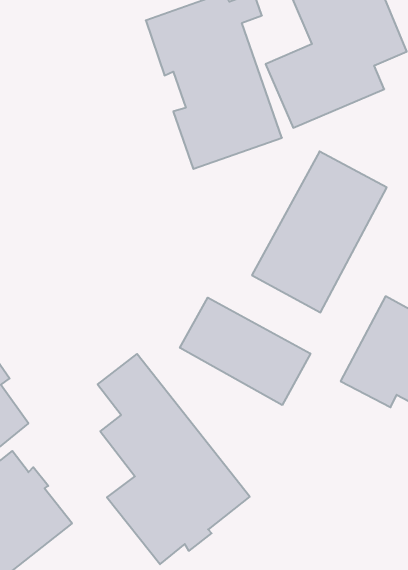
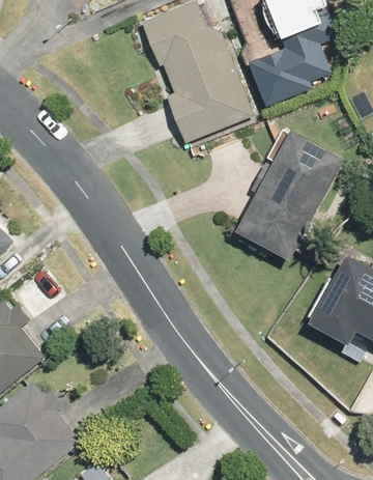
building: [180,298,310,405] -> none
building: [98,354,250,564] -> none

